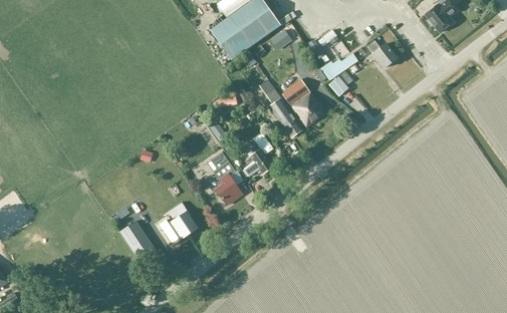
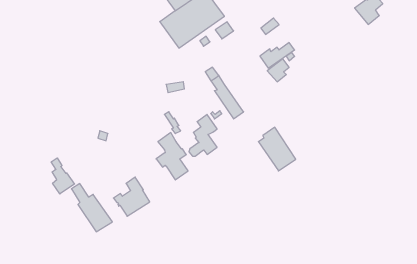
building: [365,39,397,67] -> none
building: [283,78,324,126] -> [258,127,296,171]
building: none -> [51,158,75,194]

